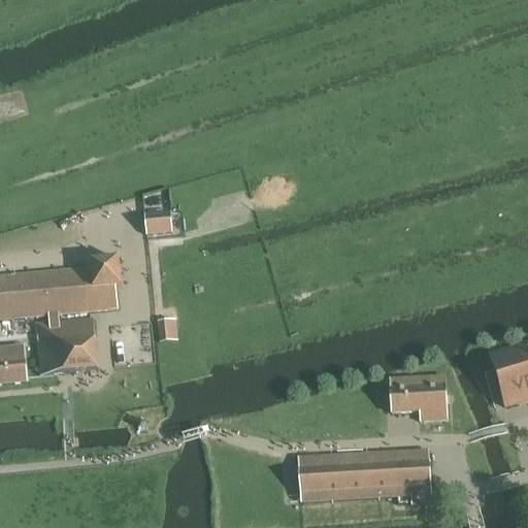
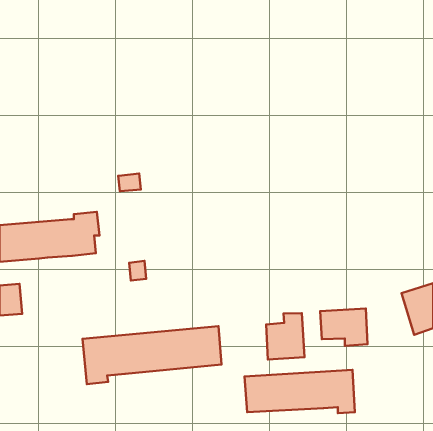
building: [36,312,97,373] -> none
building: none -> [266,313,304,359]
building: none -> [82,326,222,384]

